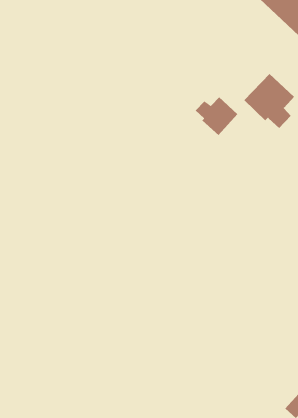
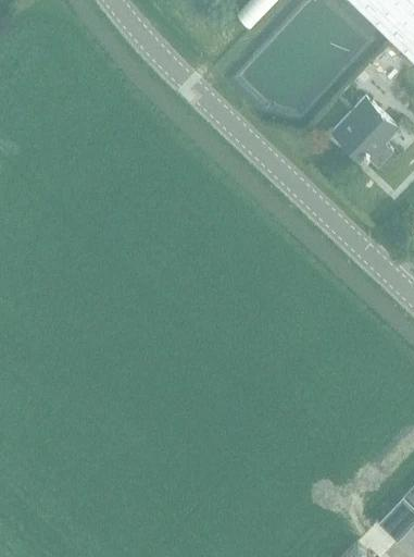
building: [195,96,238,136] -> none

